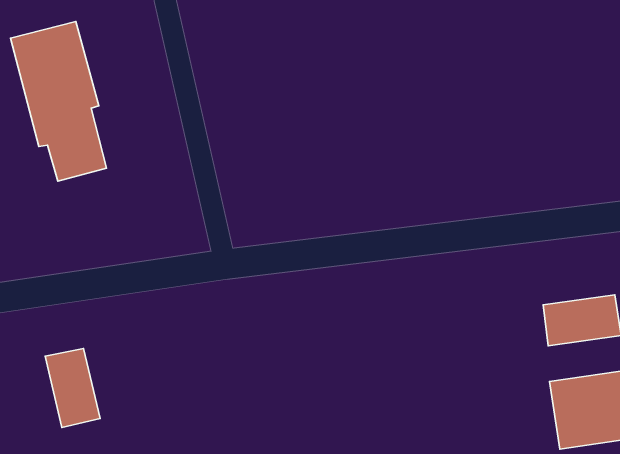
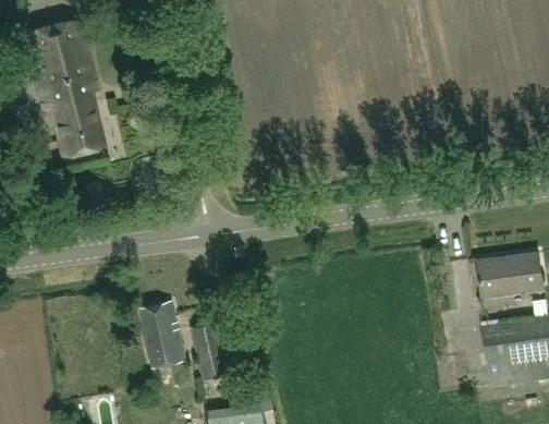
building: [45,348,100,428] -> [139,301,186,368]
building: none -> [192,323,227,379]

